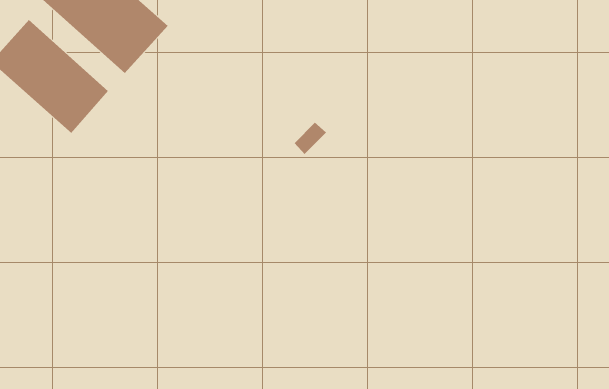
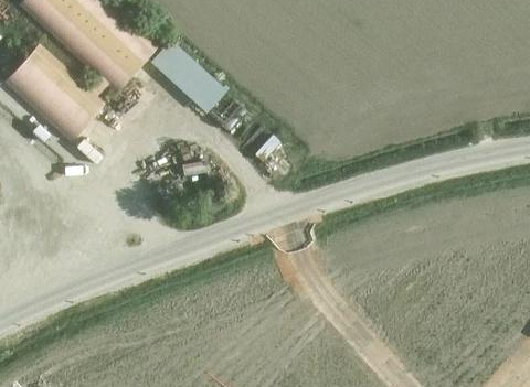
building: none -> [152,36,231,109]

